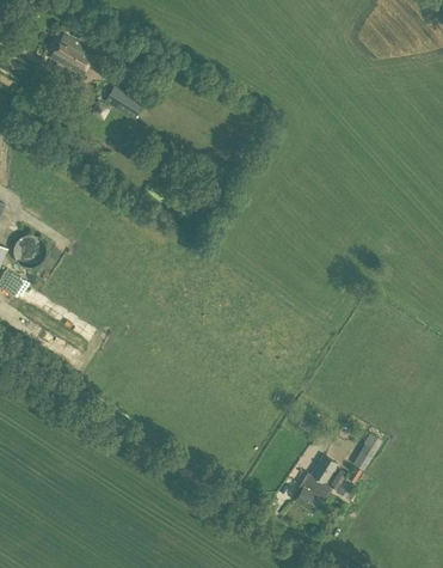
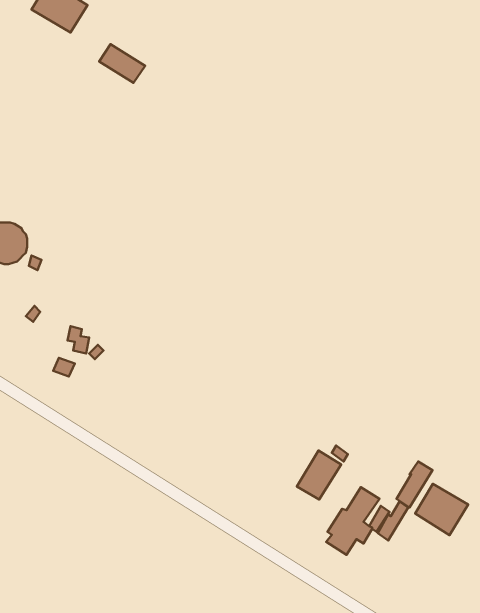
building: none -> [297,450,341,499]
building: none -> [415,484,468,535]

